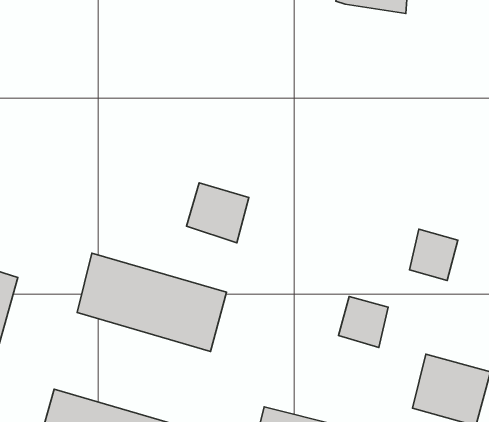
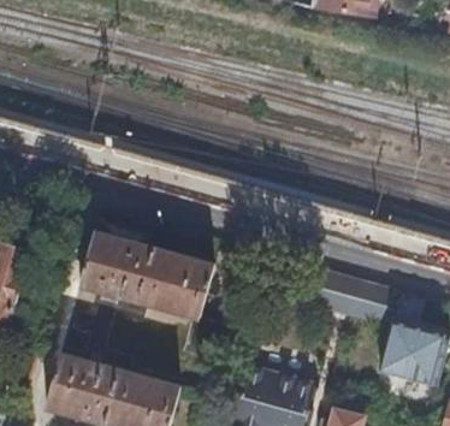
building: [187,183,249,243] -> none
building: [409,229,458,280] -> [350,279,393,325]

